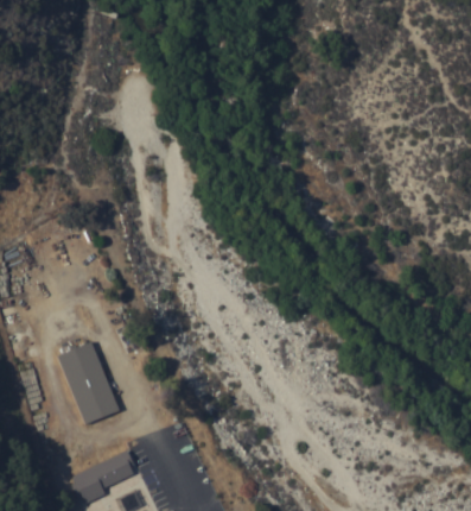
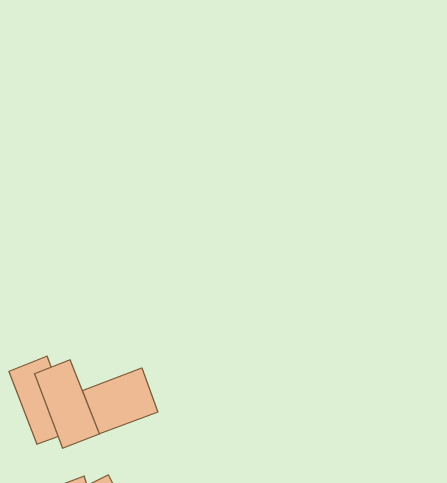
building: none -> [83,368,158,434]

